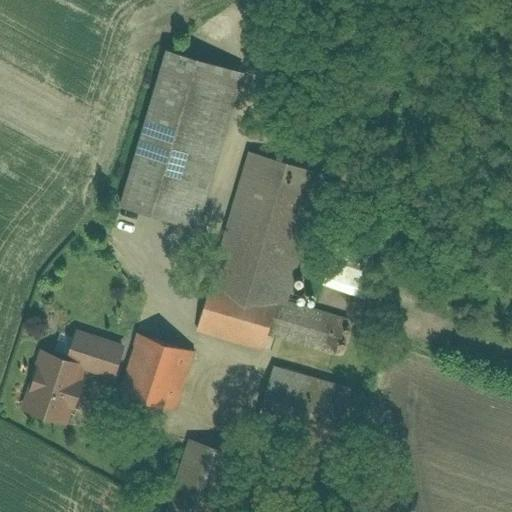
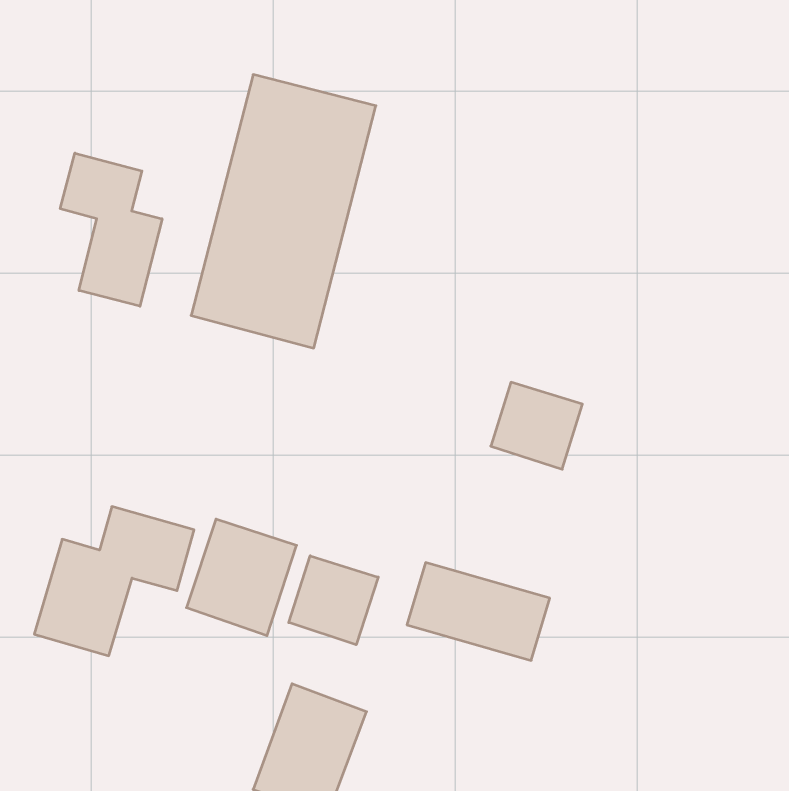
building: none -> [60,153,162,306]
building: [196,154,345,360] -> none
building: none -> [289,556,378,645]

